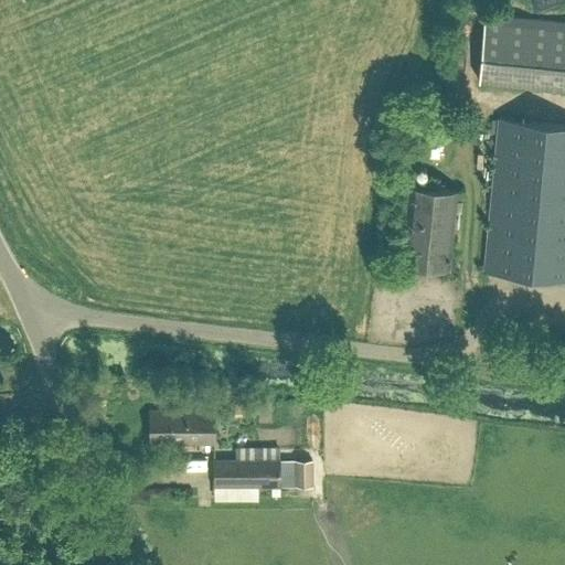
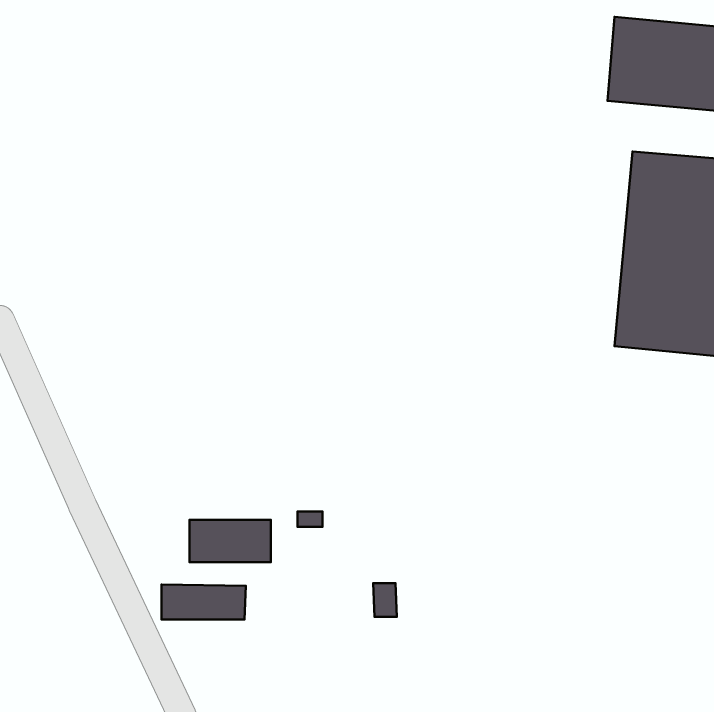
building: [403,191,456,271] -> none
building: [215,461,281,489] -> [162,584,246,620]

